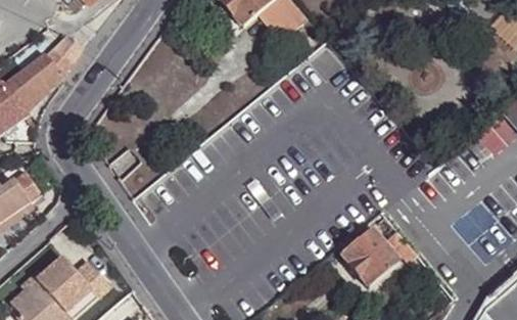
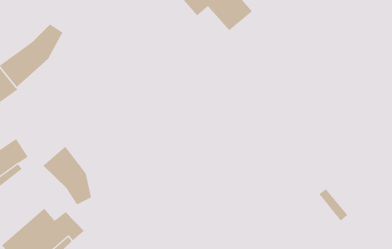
building: none -> [43,146,92,205]
building: [338,224,398,285] -> none

